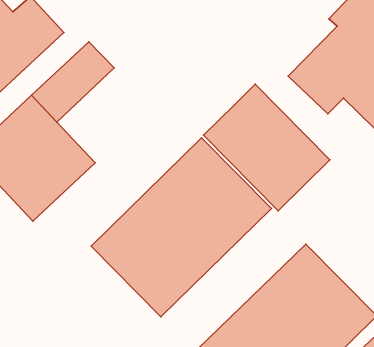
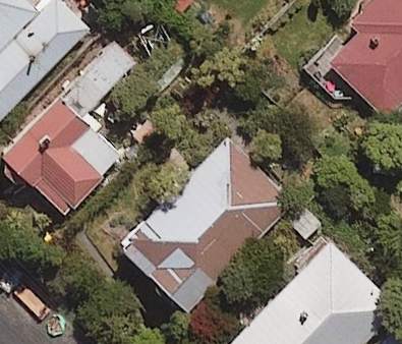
building: [203,84,330,211] -> none

